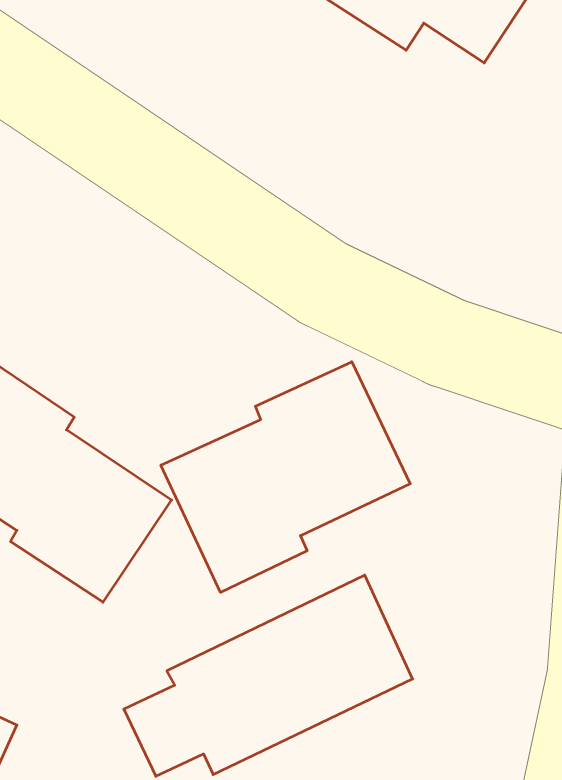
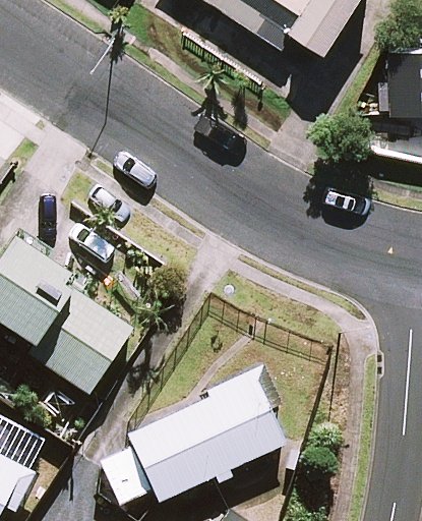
building: [161,362,410,592] -> none

